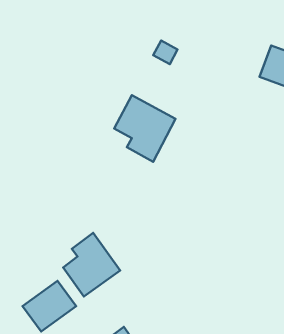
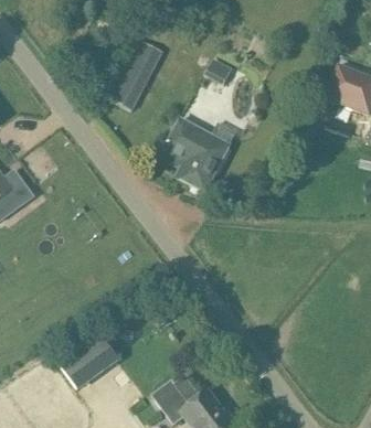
building: none -> [107,38,163,111]
building: [63,233,120,297] -> none

